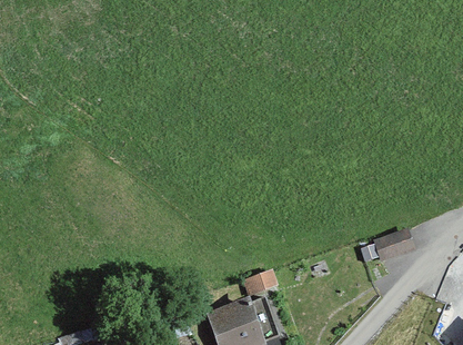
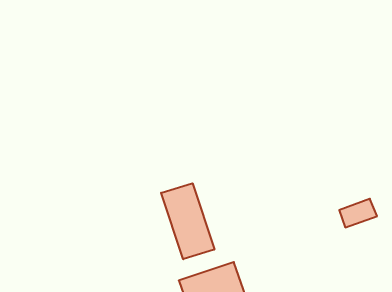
building: none -> [161,183,214,259]

